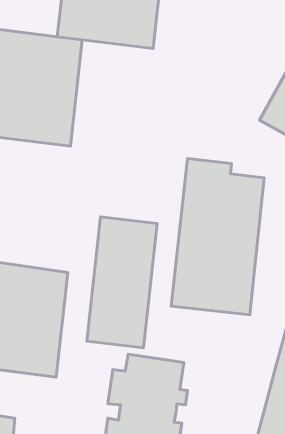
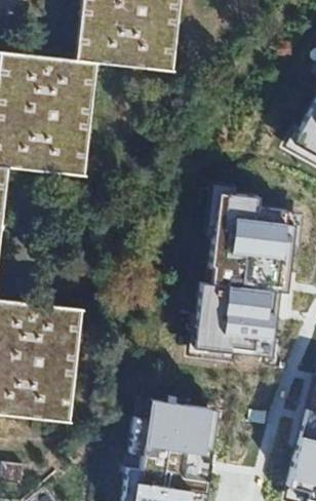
building: [87,217,157,348] -> none

